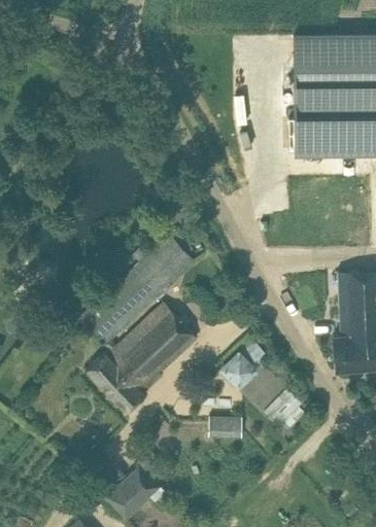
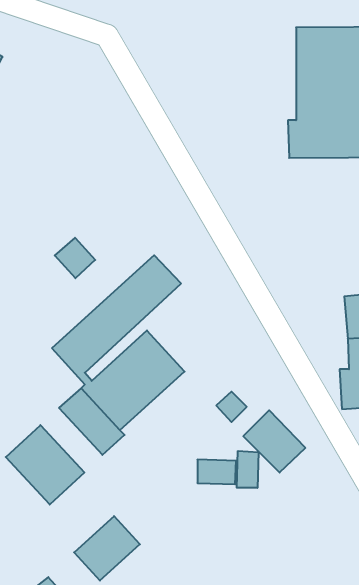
building: none -> [55,238,95,278]
building: none -> [6,425,84,505]
building: none -> [237,451,258,488]

